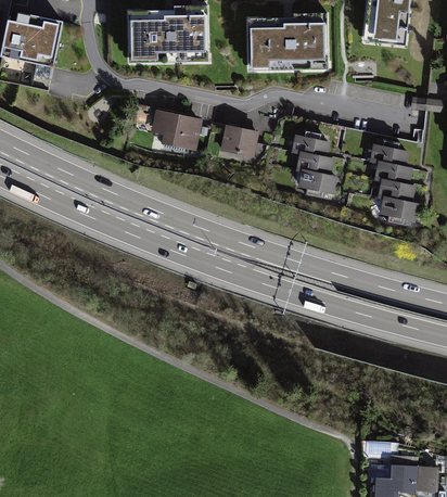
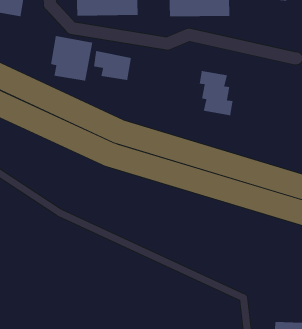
building: none -> [50,35,93,82]
building: [219,124,258,158] -> none
building: [372,145,419,222] -> none

